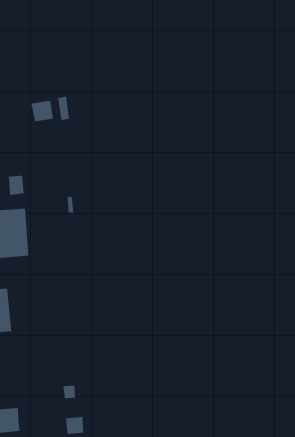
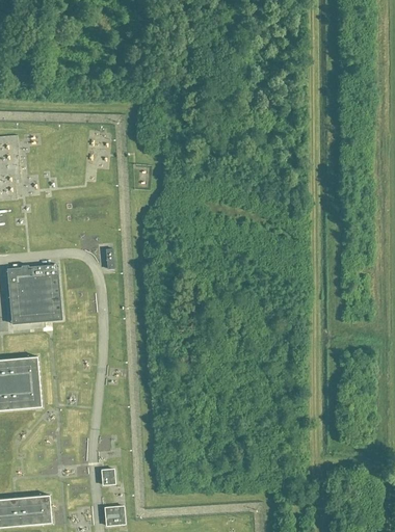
building: [31,100,54,122] -> none
building: [8,175,25,196] -> none

